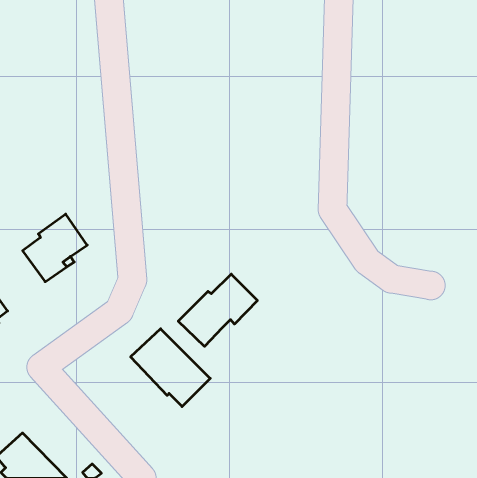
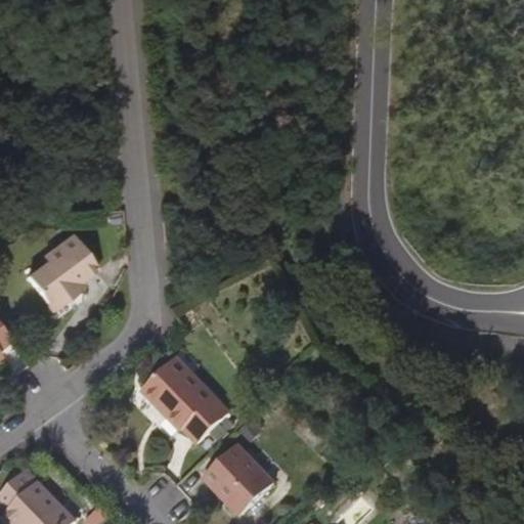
building: [178,274,257,346] -> none
building: none -> [204,443,274,514]

